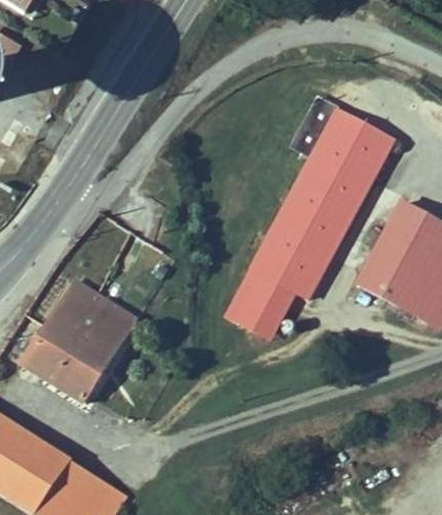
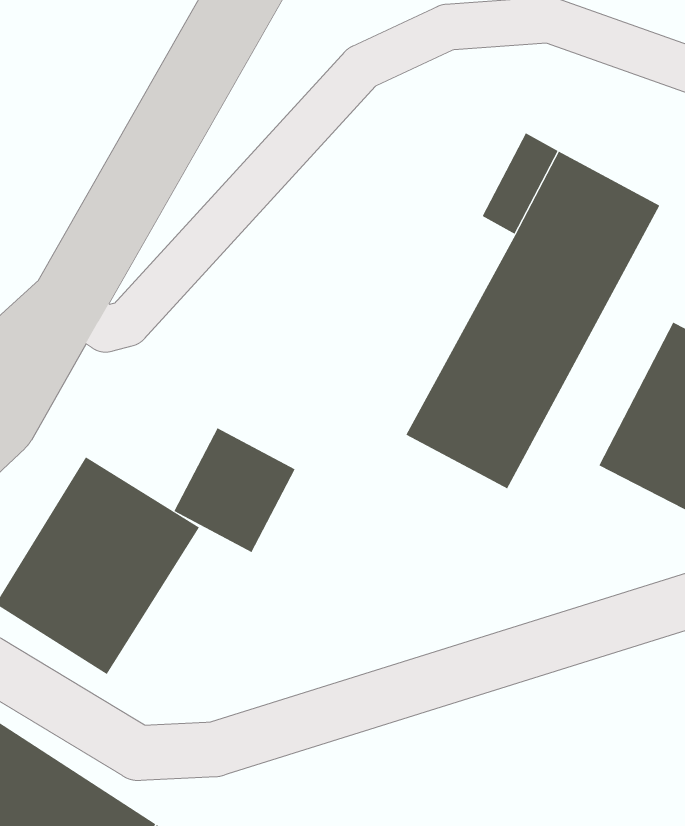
building: [226,267,294,338] -> [174,427,295,553]

